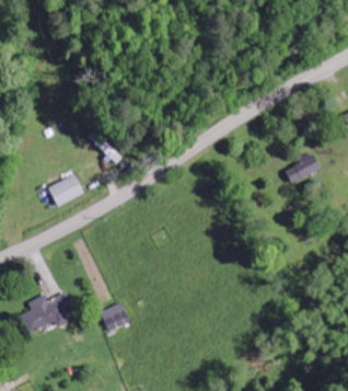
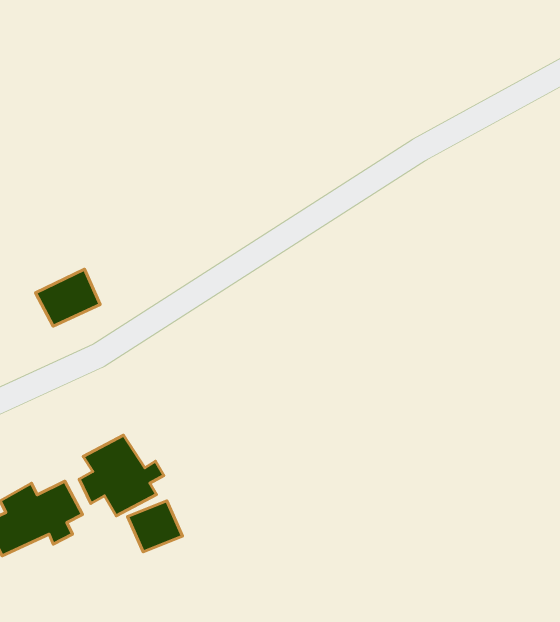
building: [283,154,321,183] -> none
building: none -> [79,435,164,516]

